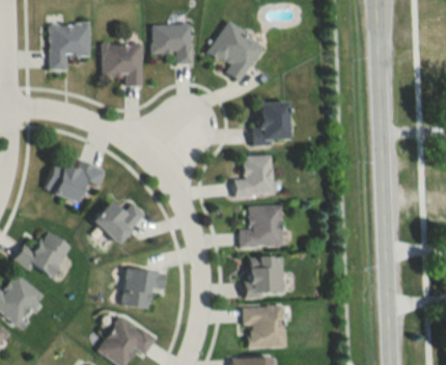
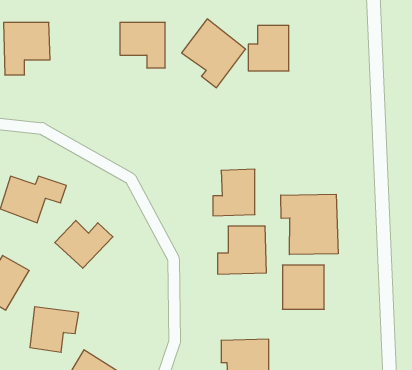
building: [101,44,141,86] -> none
building: [252,102,288,142] -> [248,26,289,71]
building: none -> [281,194,338,255]
building: [246,257,283,297] -> [282,265,324,309]
building: [121,268,165,308] -> [30,307,79,352]

